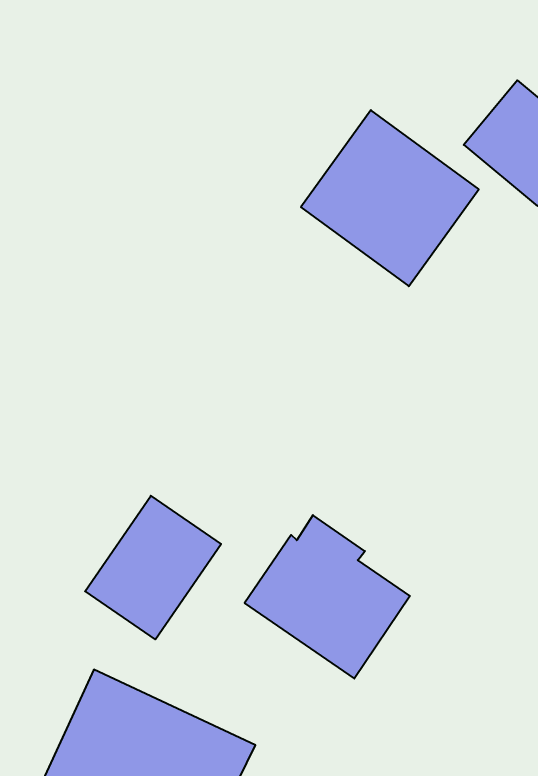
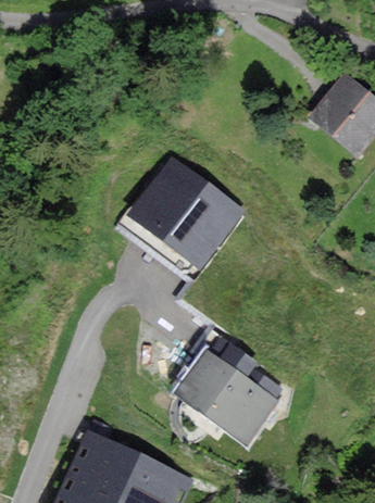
building: [301,110,479,286] -> [132,169,239,276]
building: [85,496,221,639] -> none

